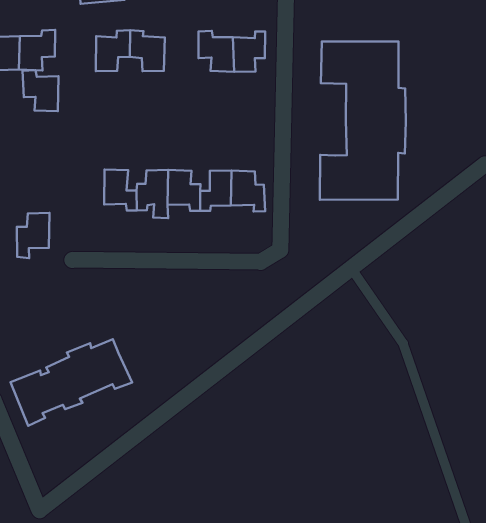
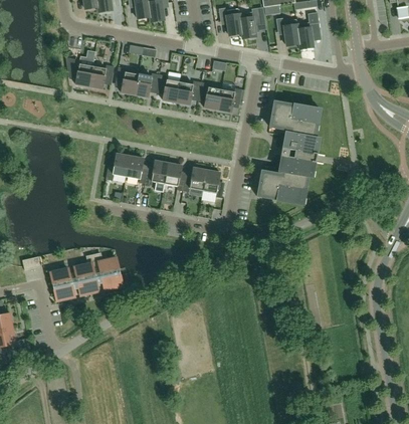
building: none -> [176,80,201,104]
building: [22,70,58,111] -> [116,66,139,94]
building: [17,213,49,258] -> [106,153,130,180]

